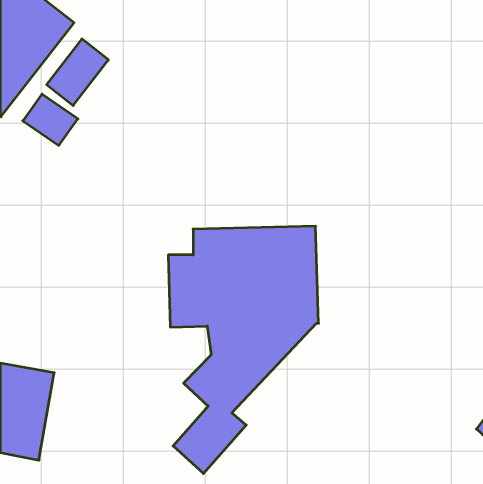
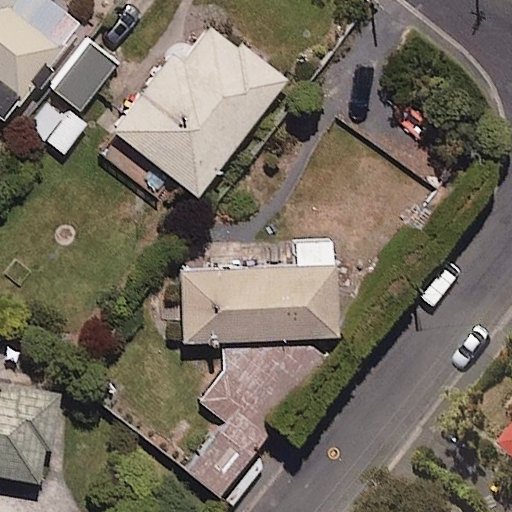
building: none -> [99,27,284,197]

